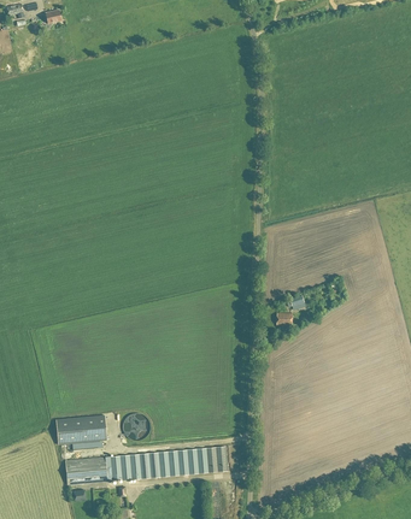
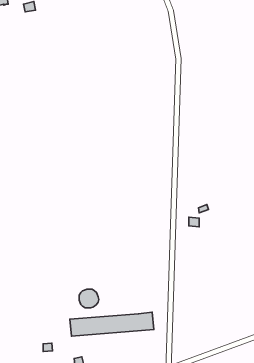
building: [55,414,110,444] -> none
building: [65,456,107,484] -> none

